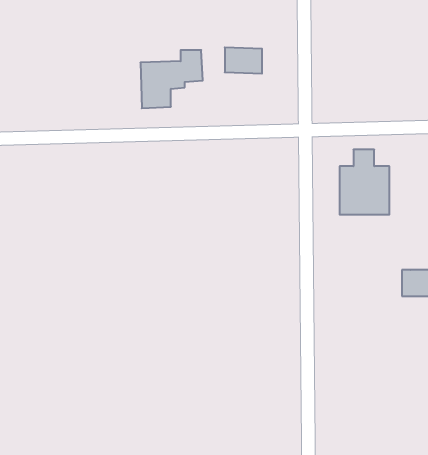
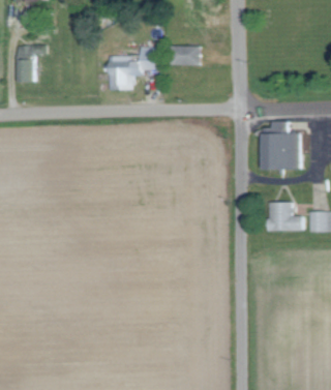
building: none -> [20,46,36,81]
building: none -> [264,202,300,231]

